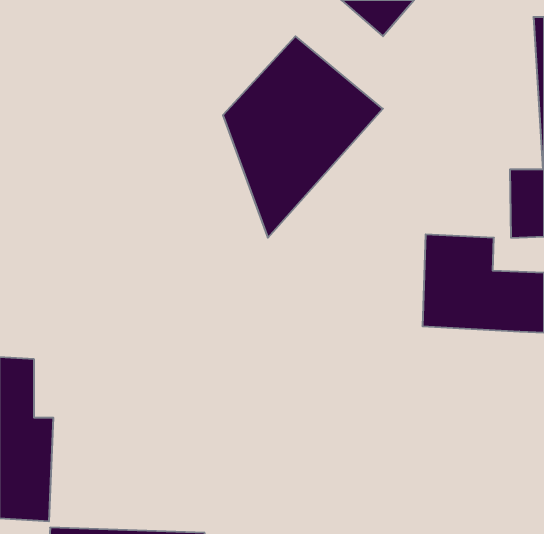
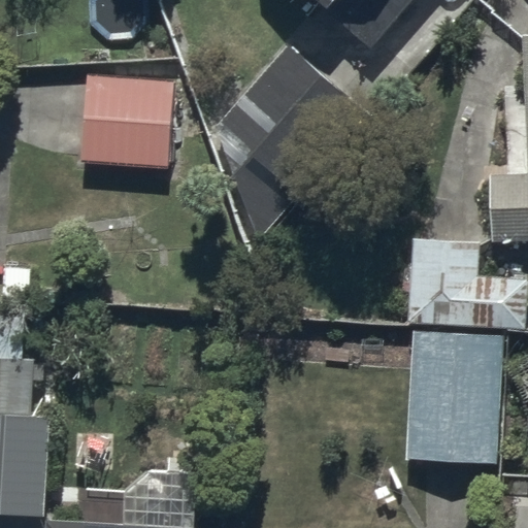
building: none -> [81,73,172,169]
building: none -> [405,326,502,462]

